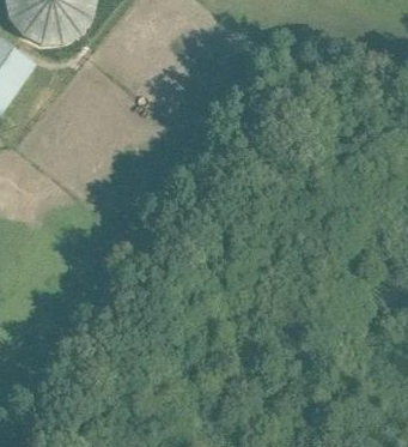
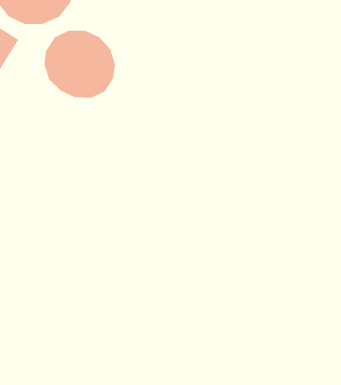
building: none -> [44,30,116,99]

